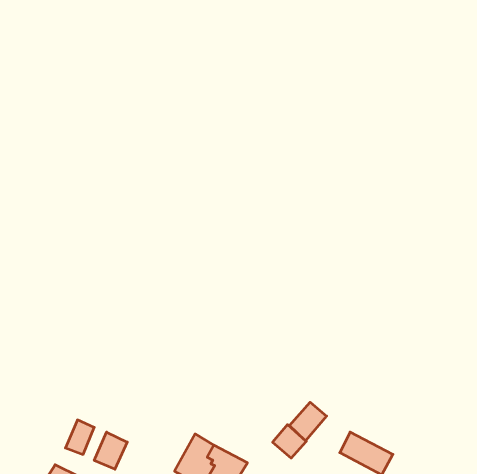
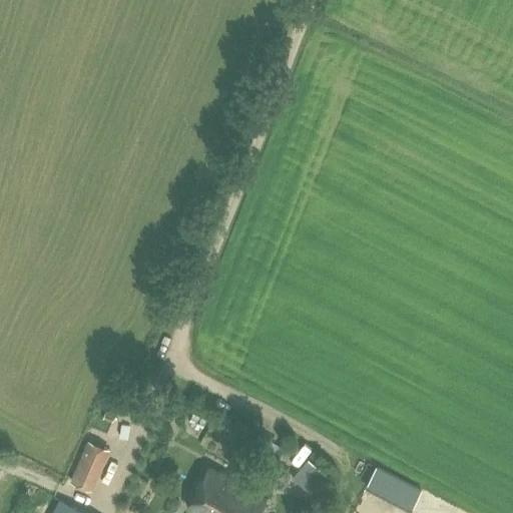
building: [289,402,327,441] -> none
building: [94,432,127,469] -> none

